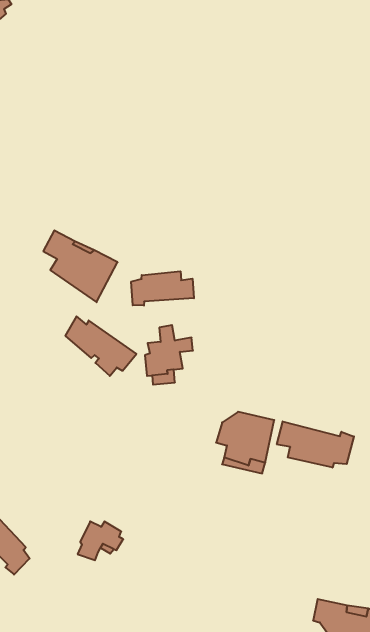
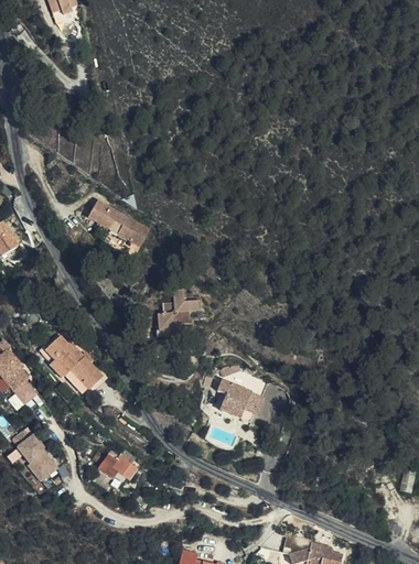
building: [131,271,194,306] -> none
building: [65,316,136,376] -> [44,337,103,390]
building: [277,421,354,468] -> none

